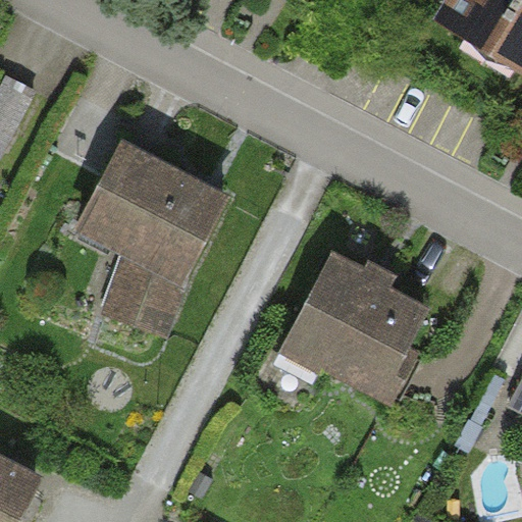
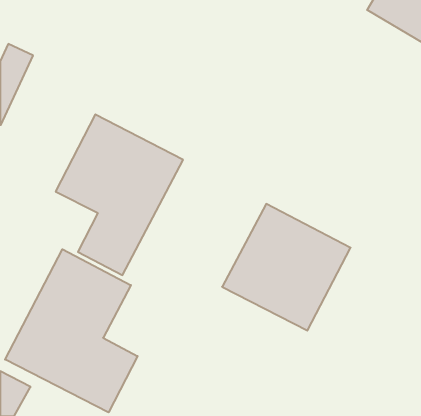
building: none -> [5,249,138,412]

